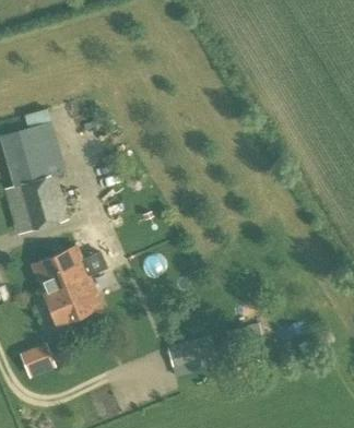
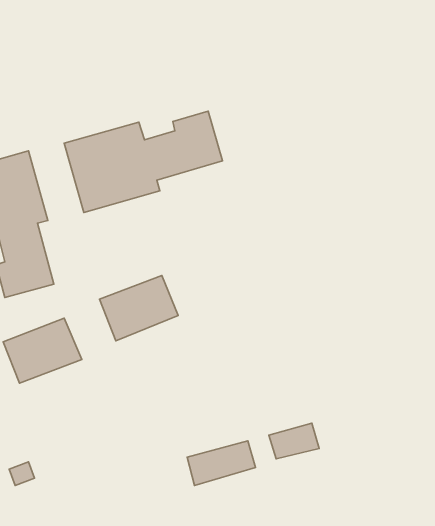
building: none -> [64,111,223,213]
building: [43,276,101,324] -> [99,276,178,341]

